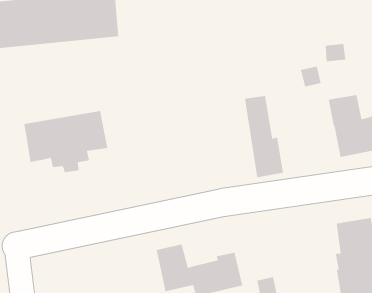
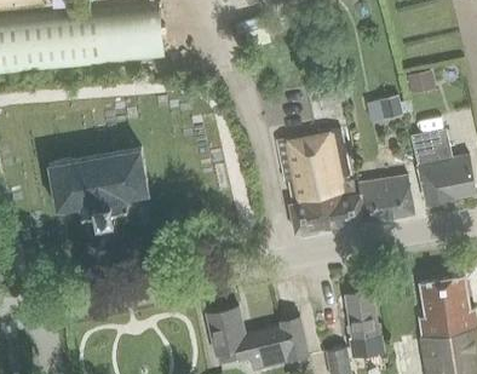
building: none -> [278,133,326,232]
building: none -> [351,174,414,221]
building: none -> [345,288,383,353]

